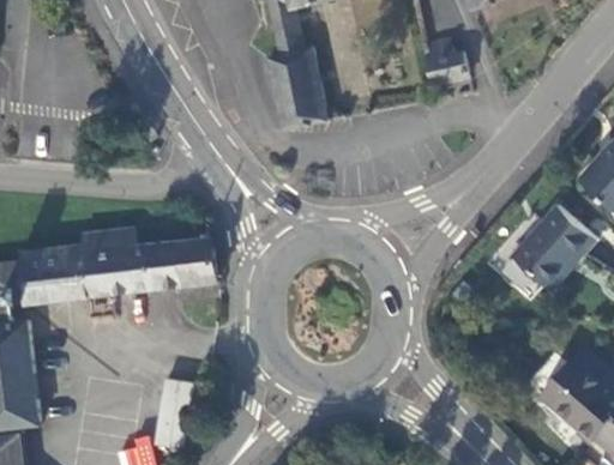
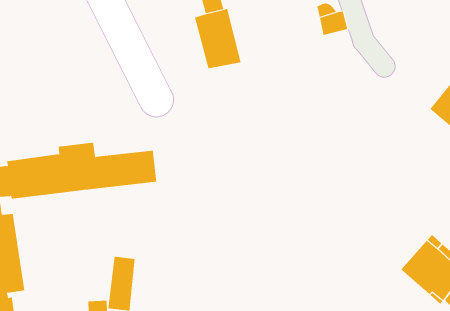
building: [513,210,594,291] -> none

